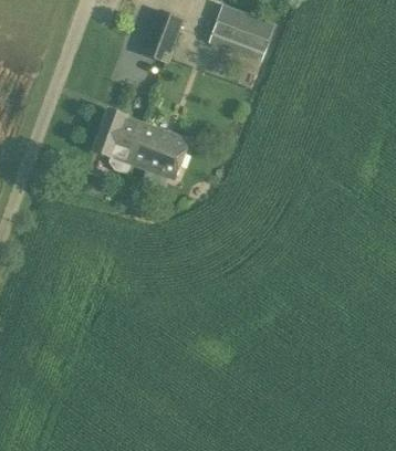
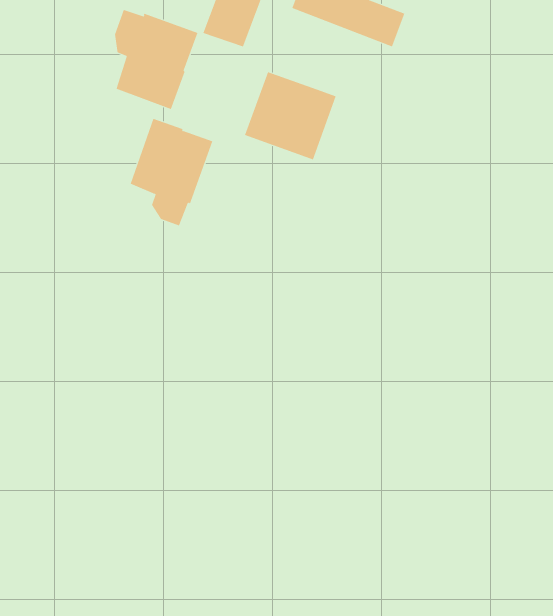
building: none -> [115,9,198,110]
building: [134,123,191,178] -> [244,71,337,160]

